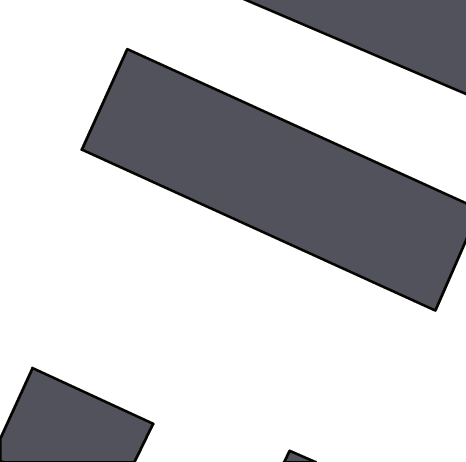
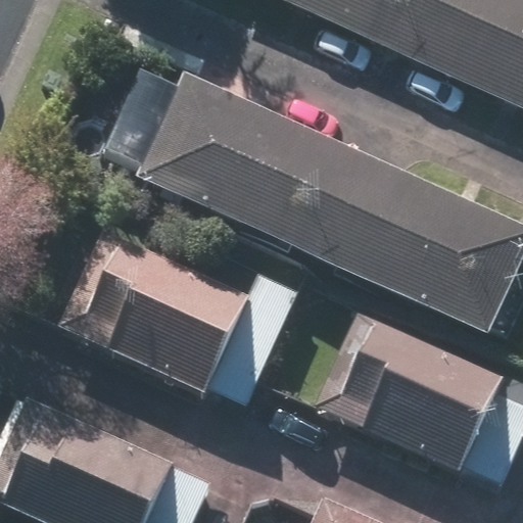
building: none -> [59,230,248,393]
building: none -> [334,318,507,473]

